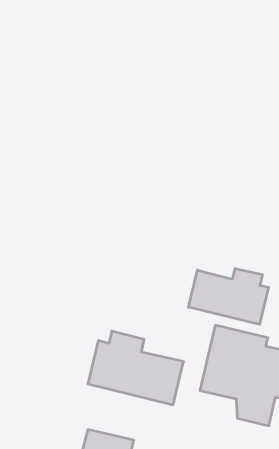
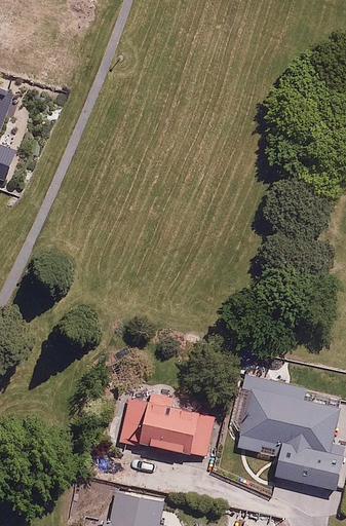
building: [188,268,269,324] -> none

